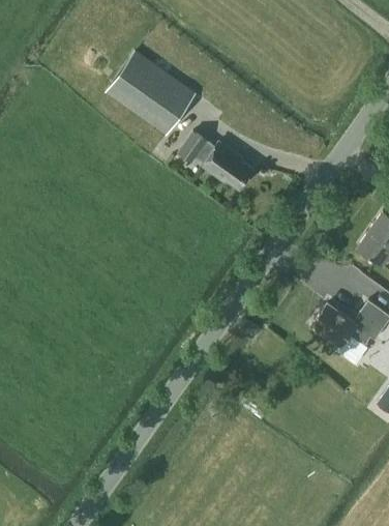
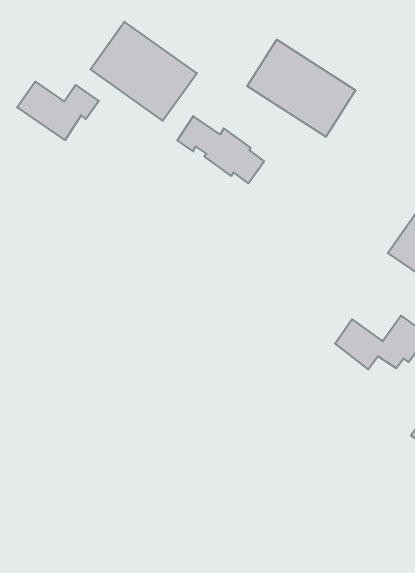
building: none -> [247,39,356,137]
building: none -> [17,82,99,140]

